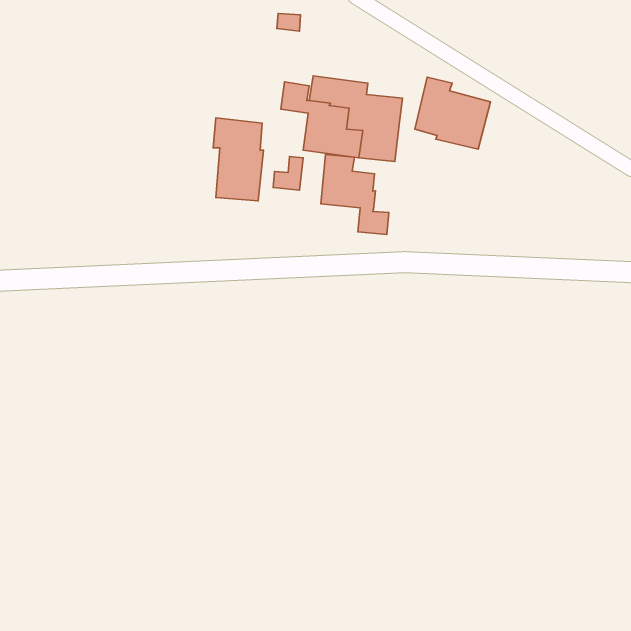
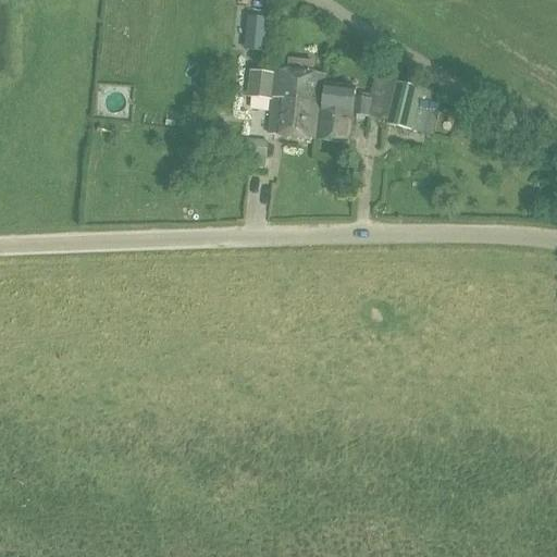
building: [213,118,263,201] -> none
building: [321,154,389,235] -> none

